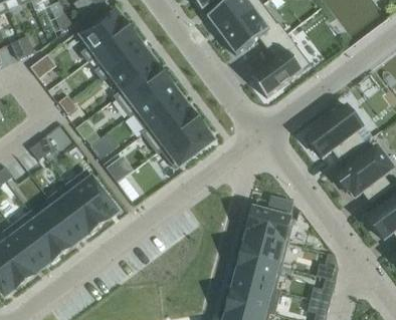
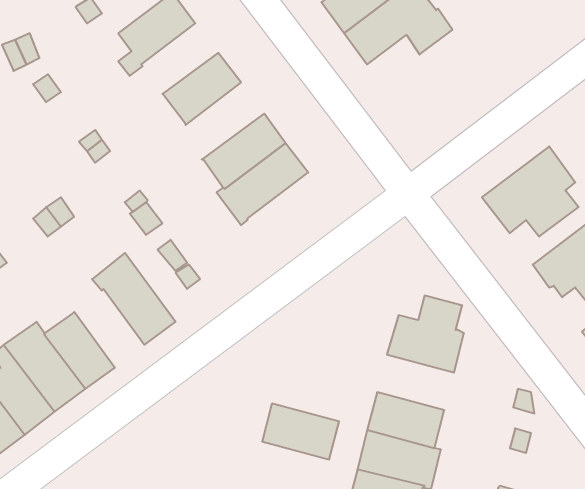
building: [95,28,143,78] -> none
building: [251,32,310,96] -> none
building: [115,64,171,114] -> none
building: [161,119,212,167] -> none
building: [47,191,97,239] -> none
building: [240,231,287,265] -> [262,404,339,459]

